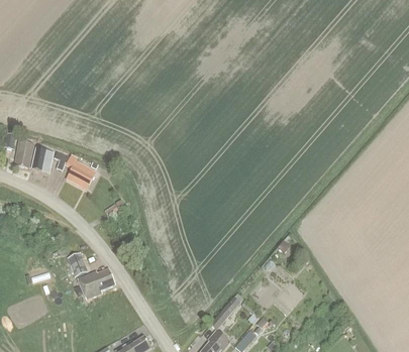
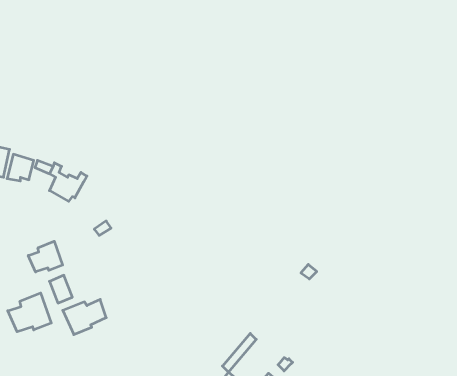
building: none -> [28,241,63,272]
building: none -> [8,293,51,332]

